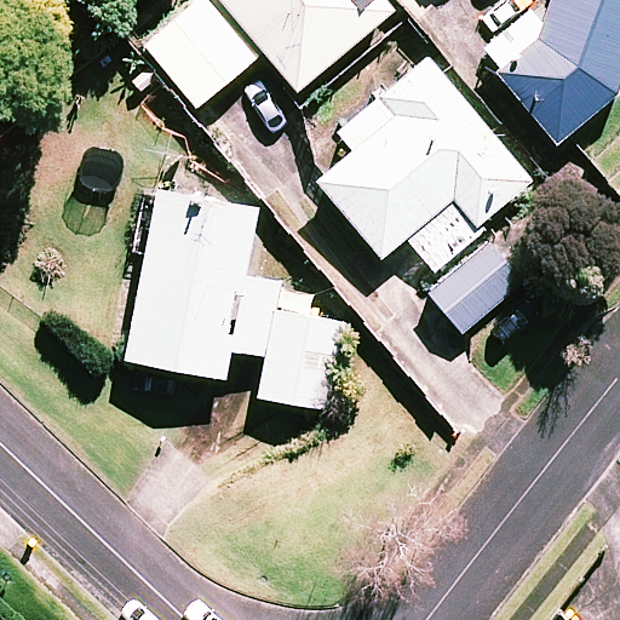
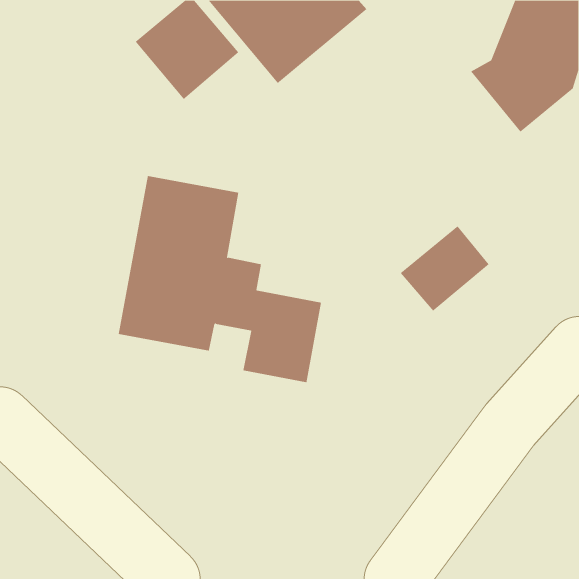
building: [318,57,530,271] -> none

